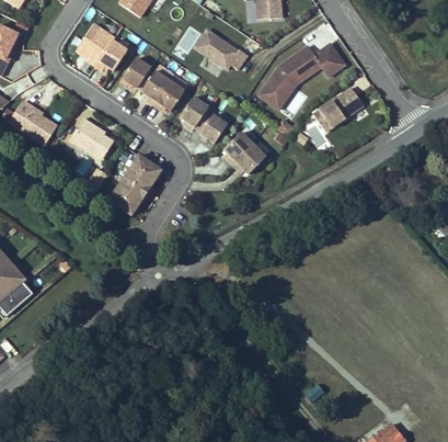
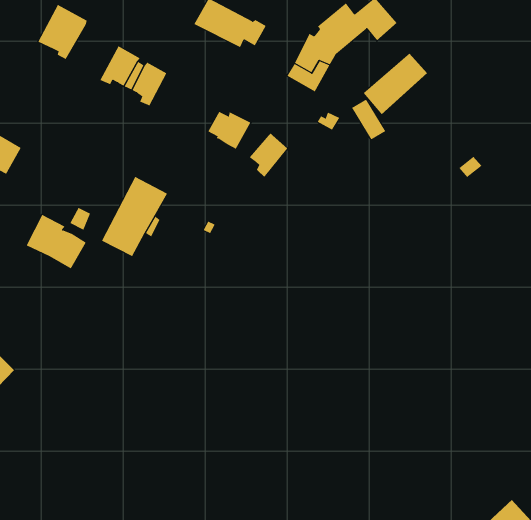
building: [96,39,128,69] -> none
building: [154,81,185,111] -> none
building: [181,97,209,131] -> none
building: [69,117,114,160] -> [26,214,86,269]
building: [233,146,266,174] -> none

